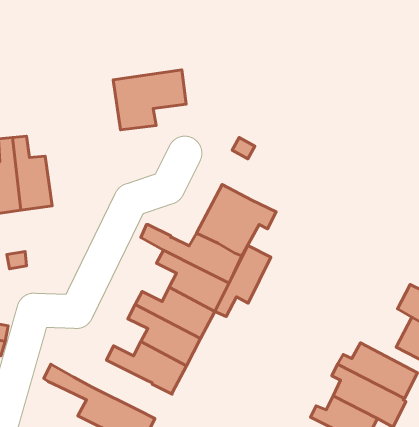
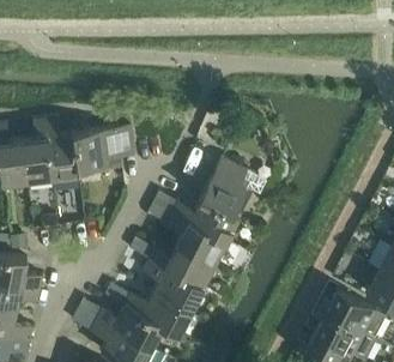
building: [113,70,186,130] -> [73,125,134,175]
building: [215,246,271,317] -> none
building: none -> [97,304,163,346]

